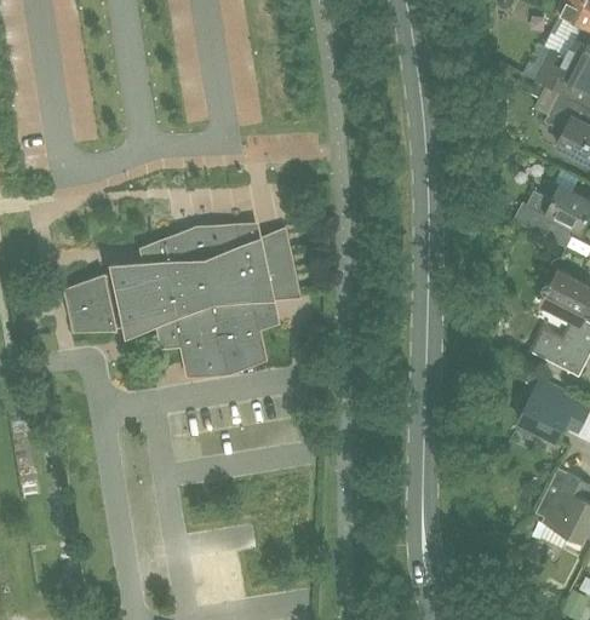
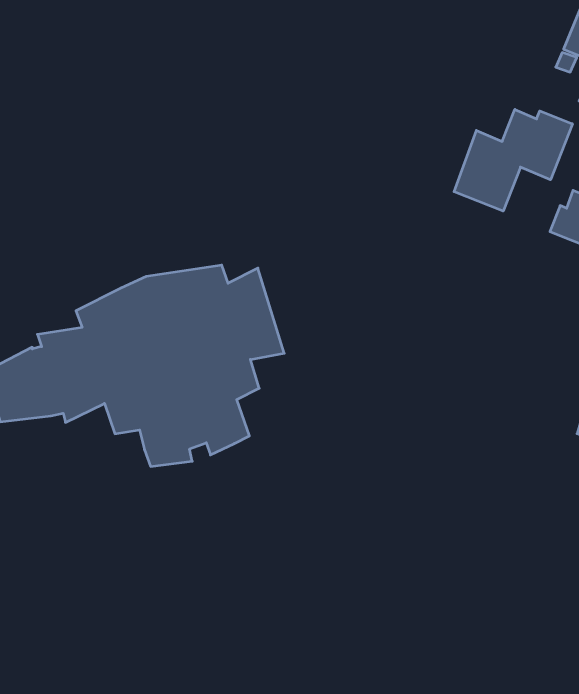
building: none -> [454,109,572,211]

